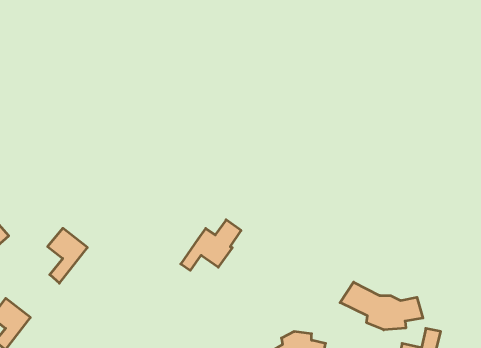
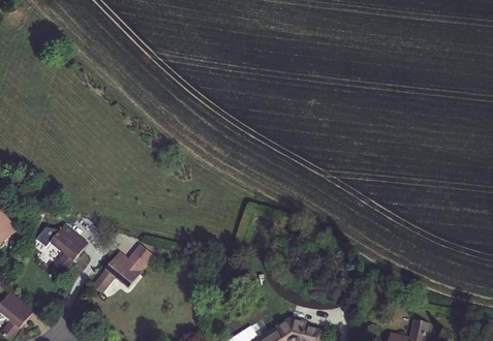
building: [181,220,241,270] -> [94,243,152,291]
building: [340,282,423,330] -> none

